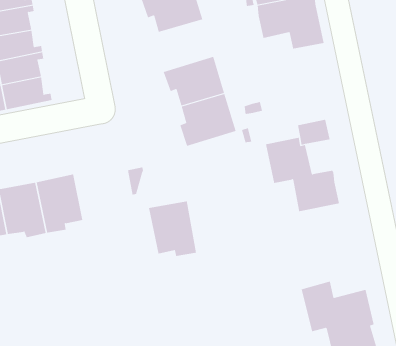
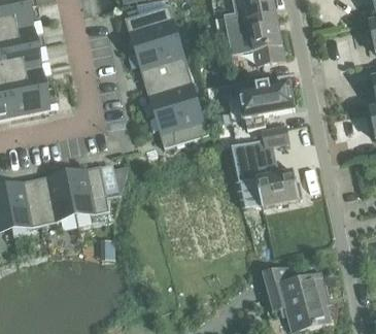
building: none -> [139,38,189,84]
building: none -> [239,82,295,129]
building: [148,201,197,257] -> [67,166,109,214]

